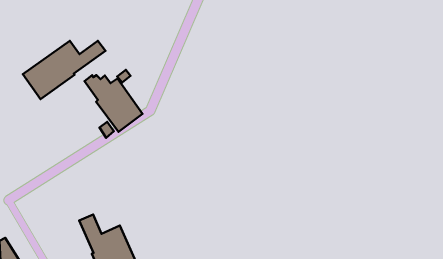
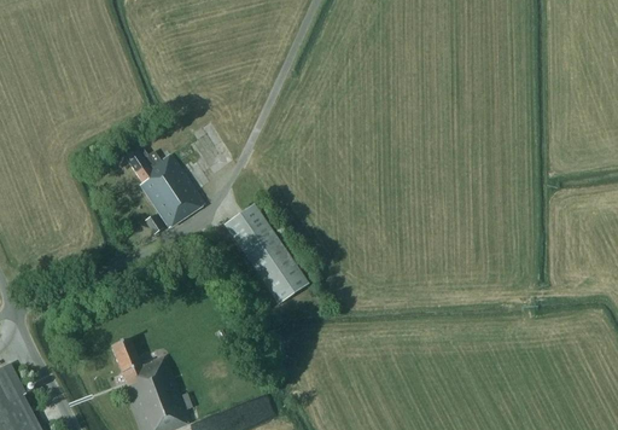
building: [23,41,105,99] -> none
building: none -> [223,205,307,307]

